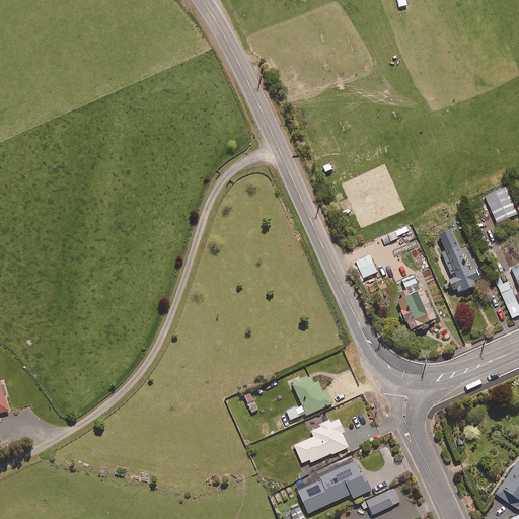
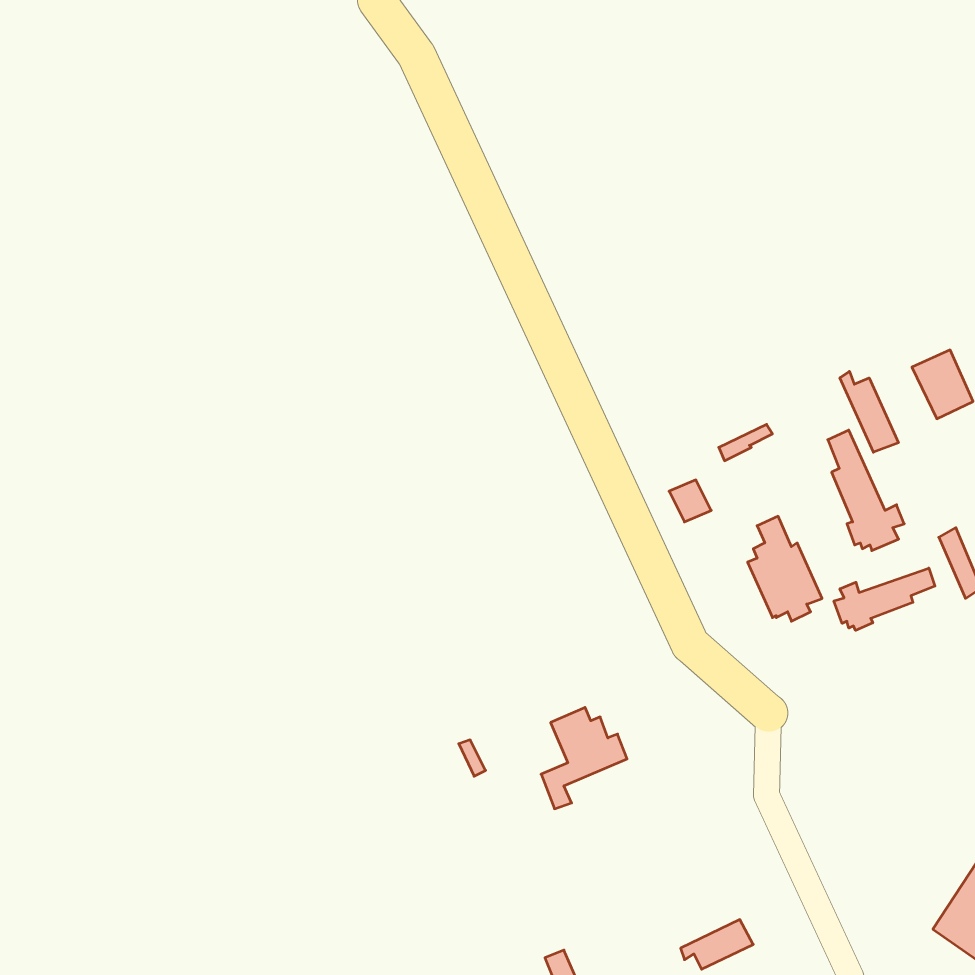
building: none -> [840,371,898,452]
building: none -> [834,568,935,630]
building: [295,419,349,464] -> none
building: [296,457,370,513] -> none

